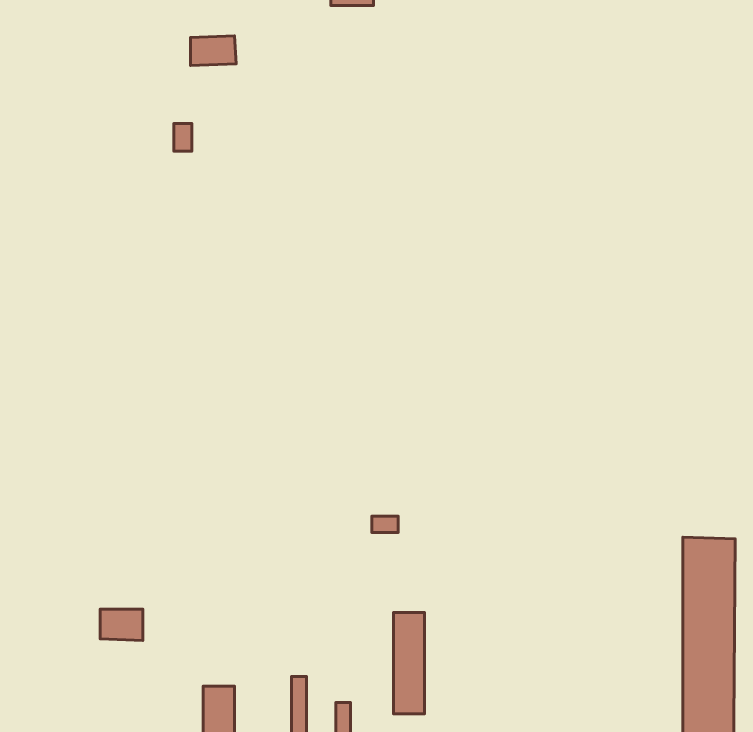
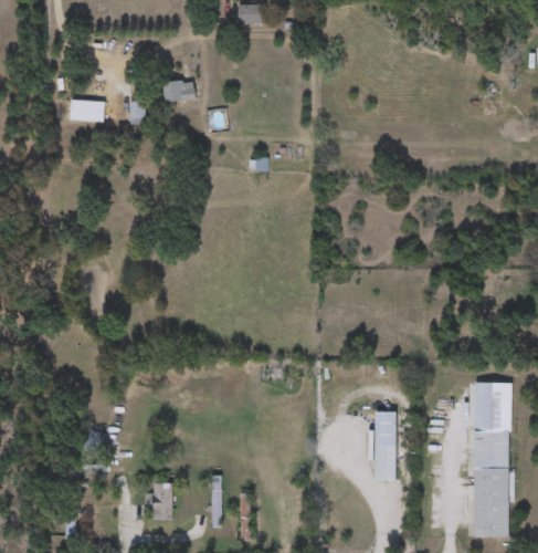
building: [190,36,236,65] -> [162,80,193,100]
building: none -> [70,100,103,121]
building: [393,612,425,714] -> [373,411,394,480]

